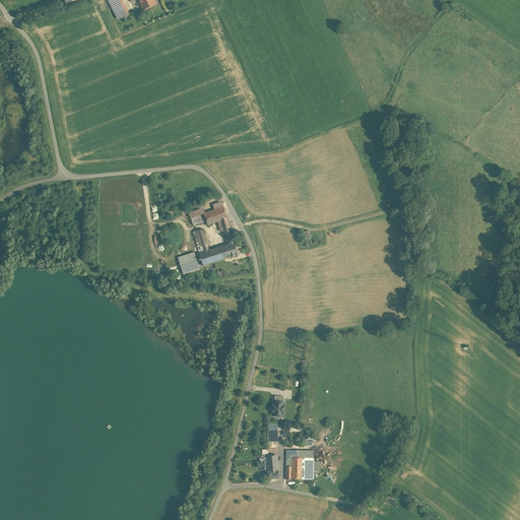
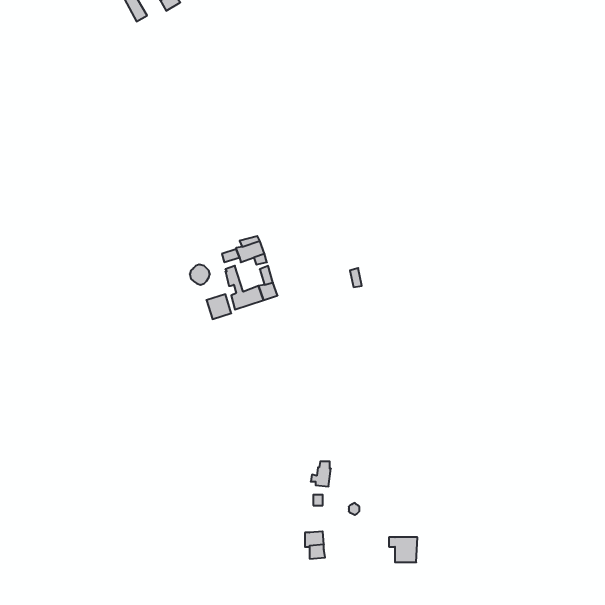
building: [285,457,310,478] -> [389,537,417,562]

